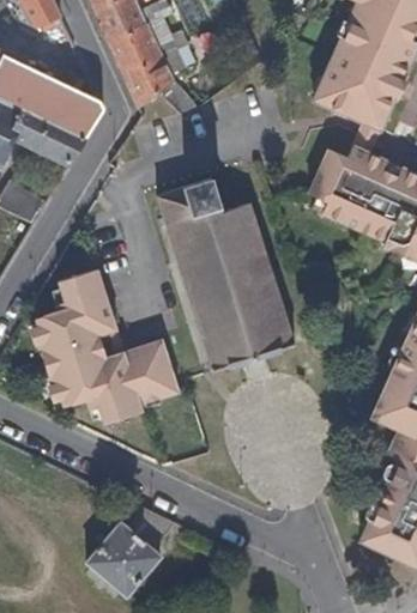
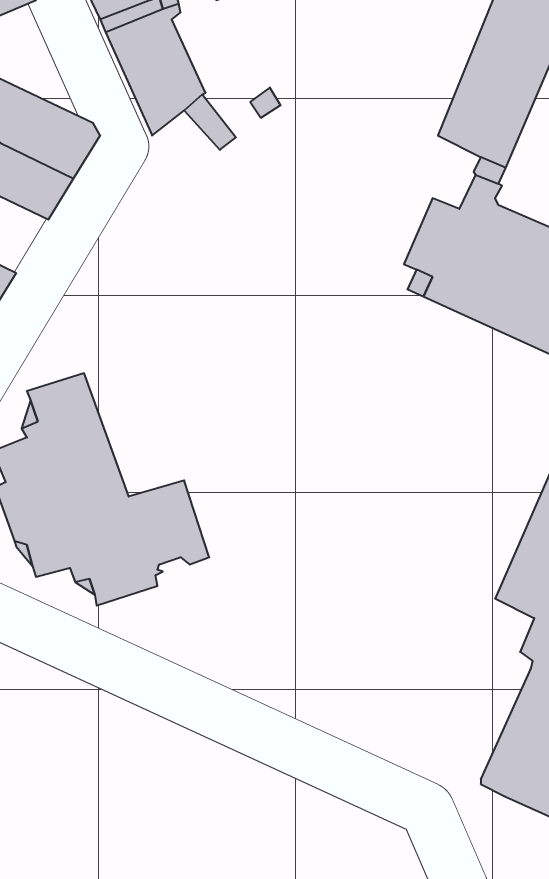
building: [158,178,295,369] -> none
building: [87,504,177,594] -> none

